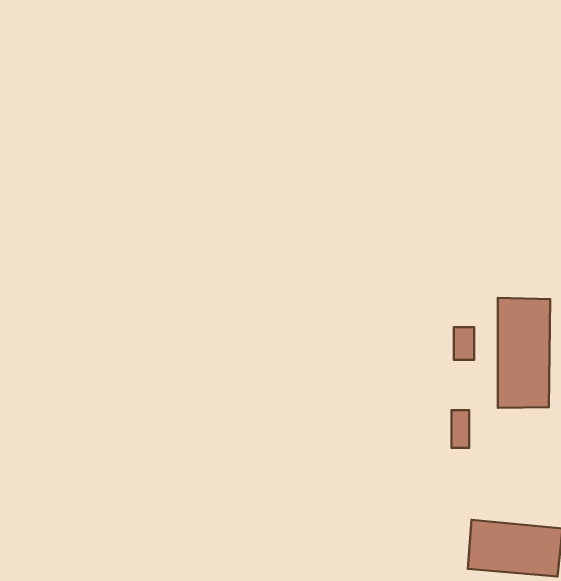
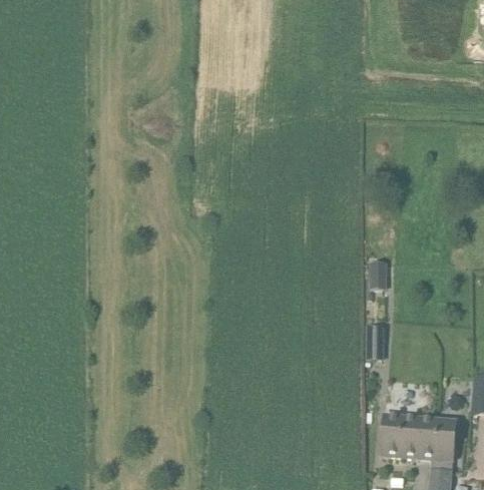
building: [498,298,550,408] -> none

